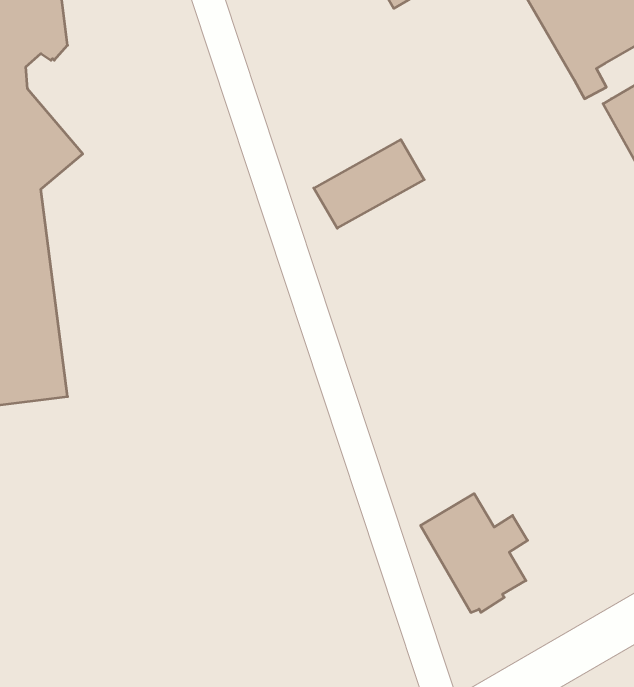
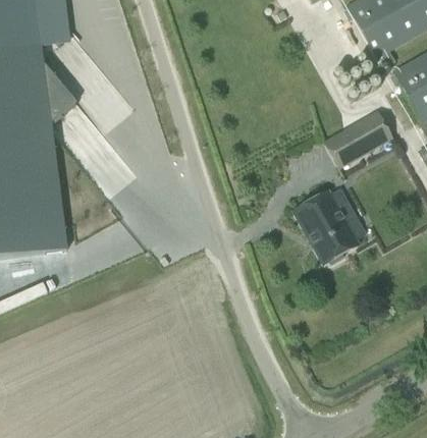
building: [314,140,424,228] -> [323,112,390,166]
building: [421,494,528,612] -> [292,191,358,264]

